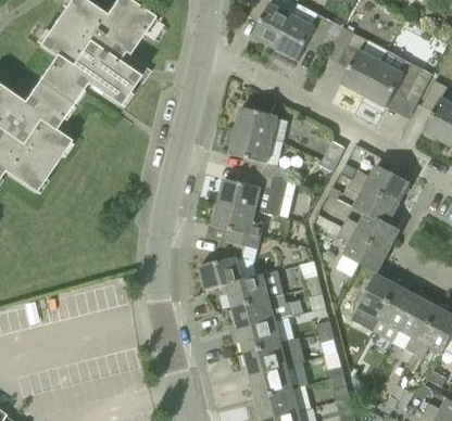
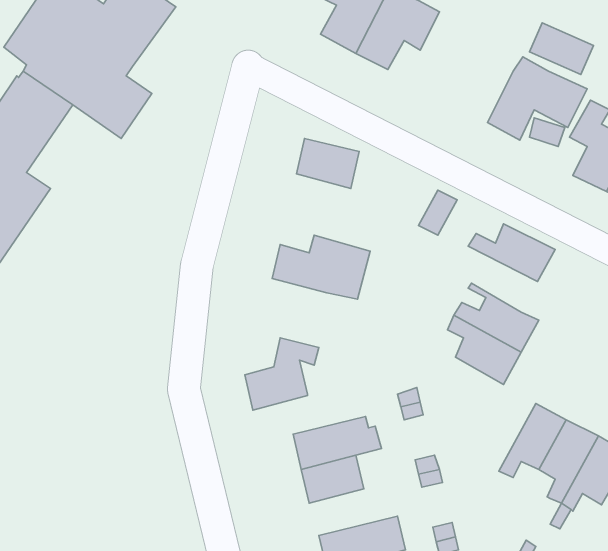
building: [338,33,382,95] -> none
building: [230,130,277,179] -> none
building: [348,179,399,224] -> none
building: [214,201,260,248] -> none
building: [206,270,282,306] -> none
building: [357,273,398,331] -> none
building: [244,339,304,374] -> none

